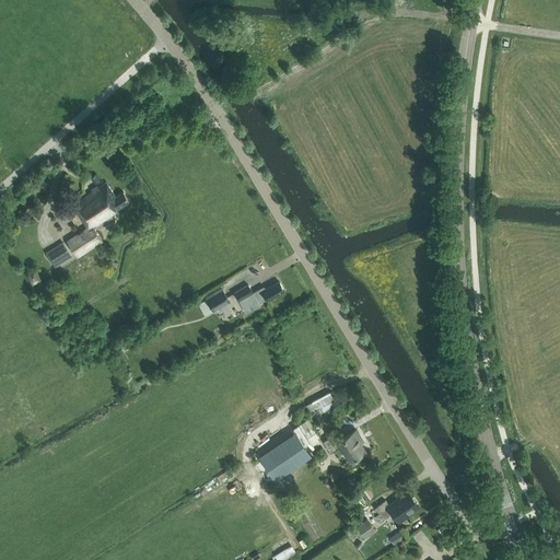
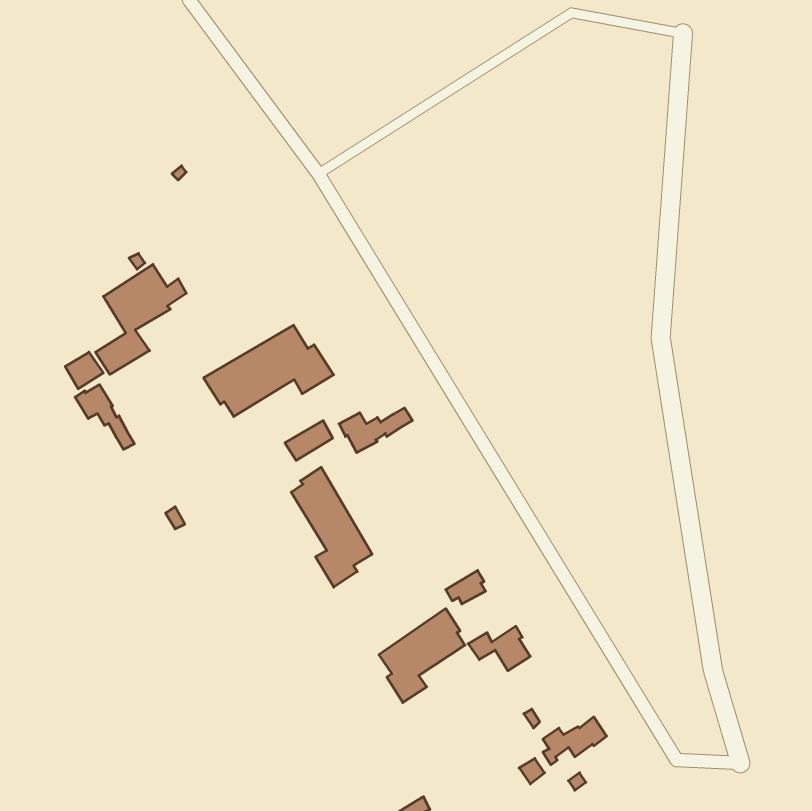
building: none -> [204,325,334,417]
building: none -> [75,385,134,449]
building: none -> [291,467,372,587]

